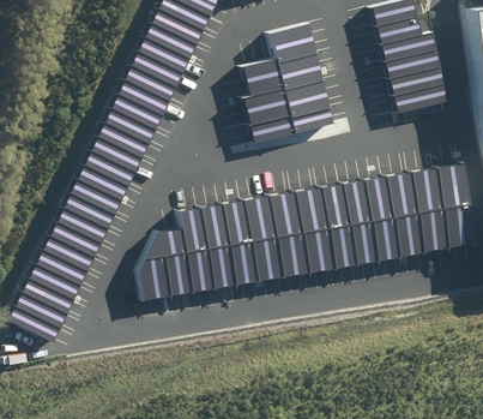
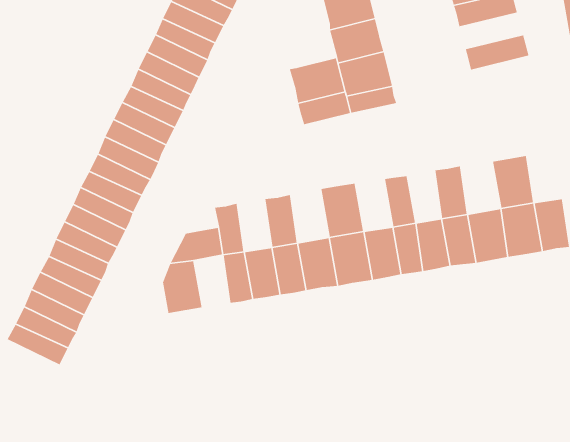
building: [385,48,439,78] -> none
building: [242,58,283,94] -> none
building: [394,84,447,114] -> none
building: [441,162,471,206] -> none
building: [386,172,419,216] -> none
building: [342,179,370,223] -> none
building: [298,186,330,231] -> none
building: [244,194,277,240] -> none
building: [200,203,229,247] -> none
building: [164,250,194,294] -> none

